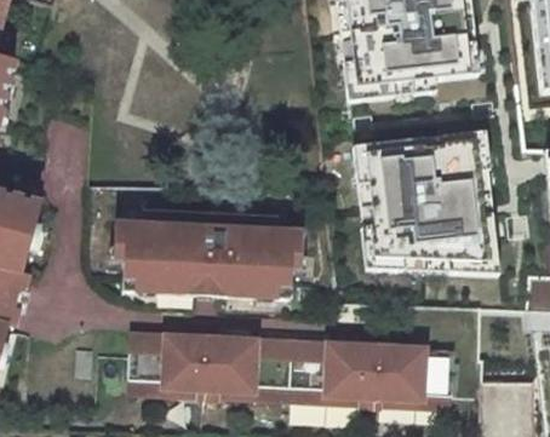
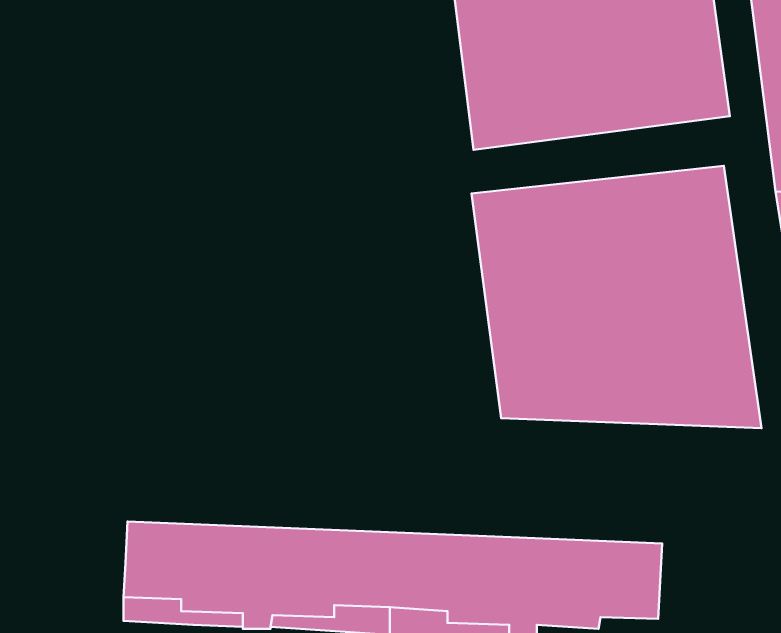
building: [113,212,303,298] -> none

